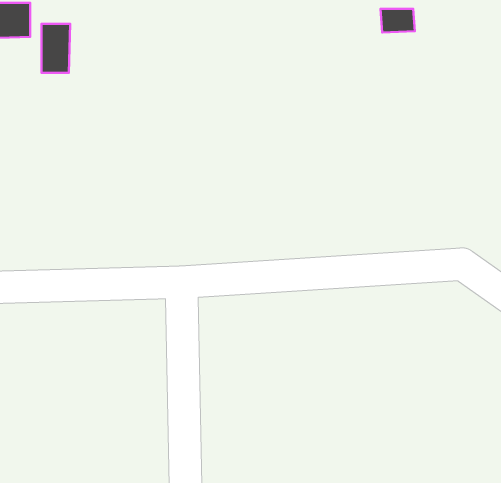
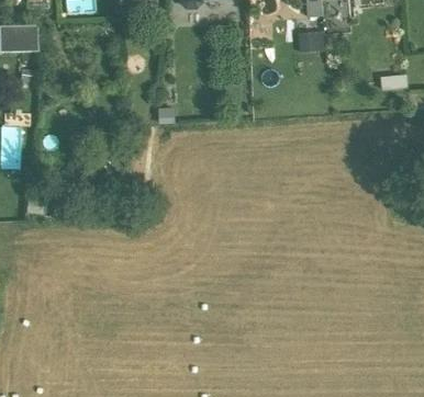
building: [42,24,70,73] -> none

